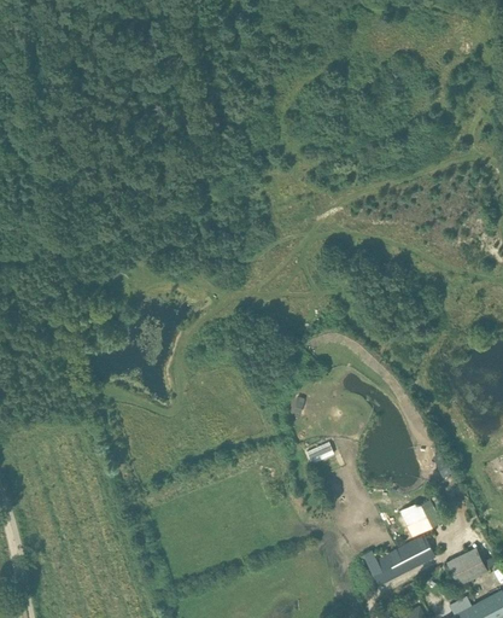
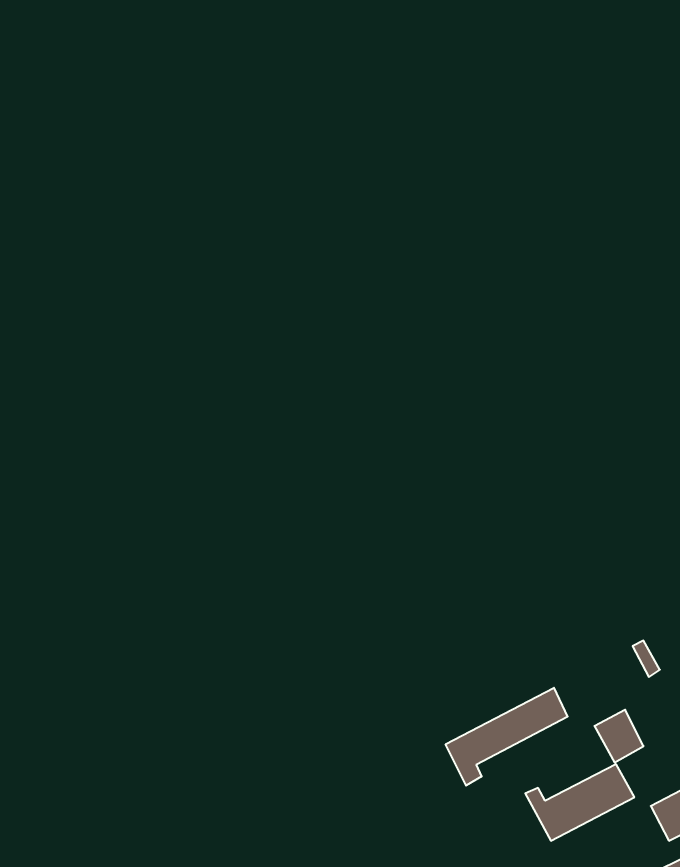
building: none -> [446,688,568,786]

